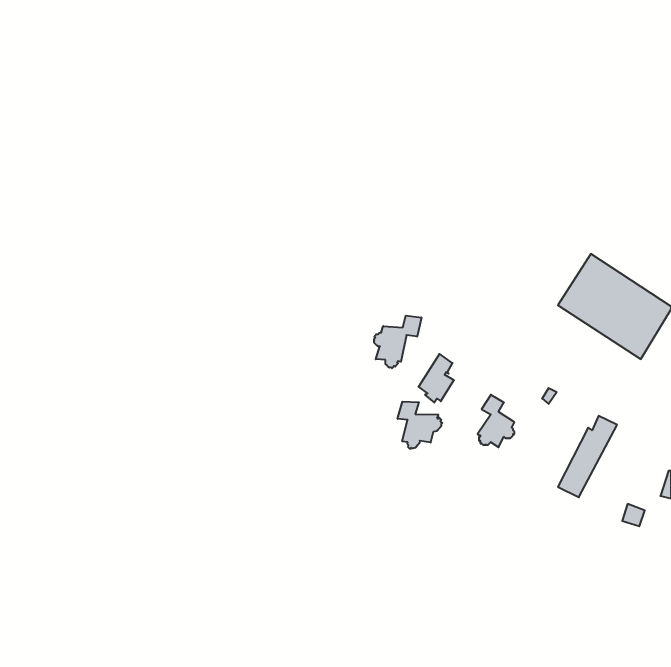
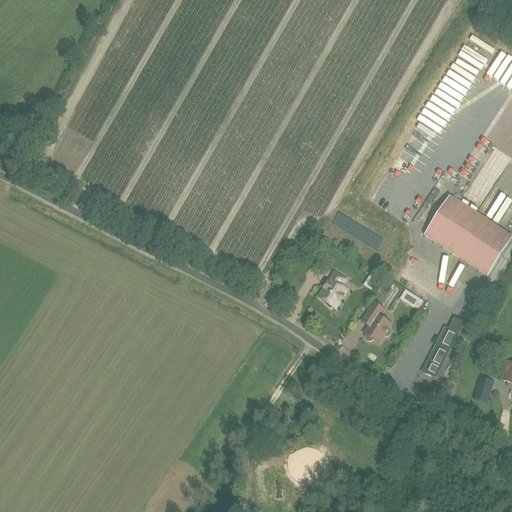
building: [374,316,421,368] -> none
building: [398,402,442,449] -> none

